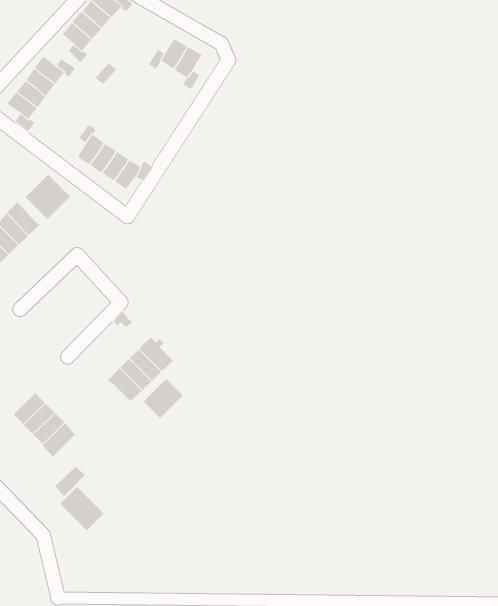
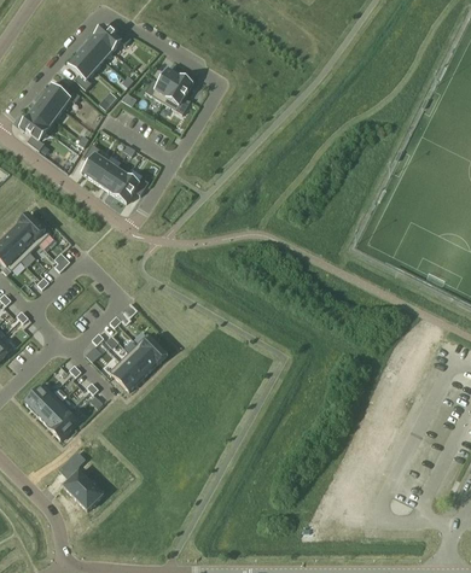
building: [25,174,71,220] -> none
building: [143,378,184,419] -> none

